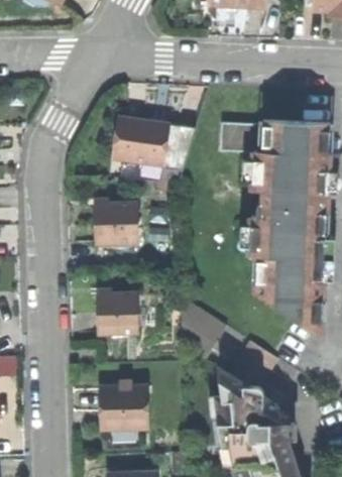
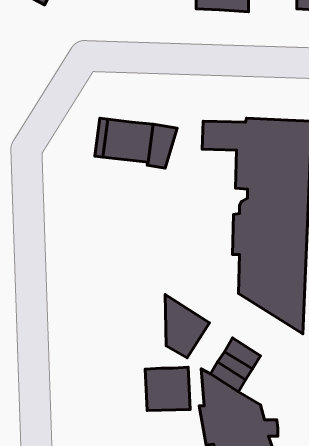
building: [94,205,137,247] -> none
building: [96,295,139,337] -> none
building: [104,392,149,436] -> [145,367,190,410]

